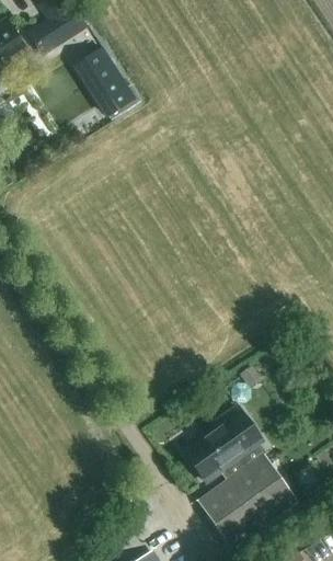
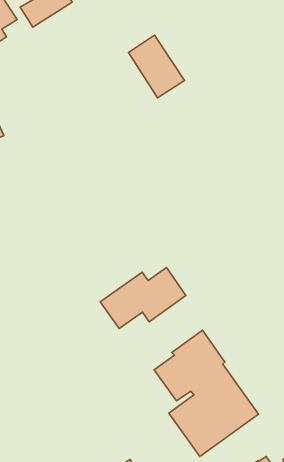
building: [74,48,138,119] -> [128,35,184,98]
building: none -> [100,267,186,328]

